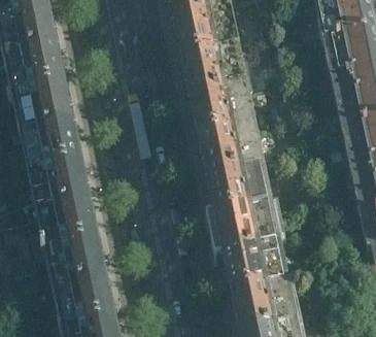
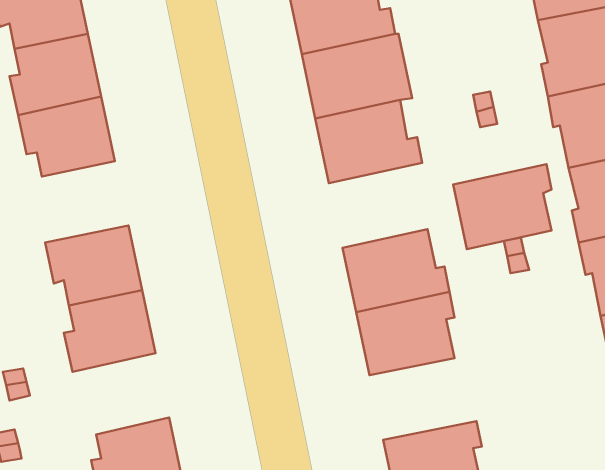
building: [24,121,79,170] -> none
building: [201,122,261,173] -> [453,164,552,249]
building: [45,237,104,287] -> none
building: [226,240,290,290] -> none

